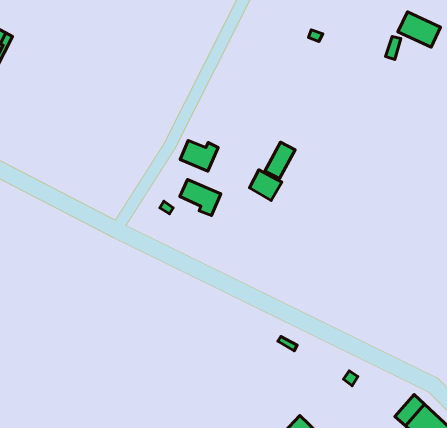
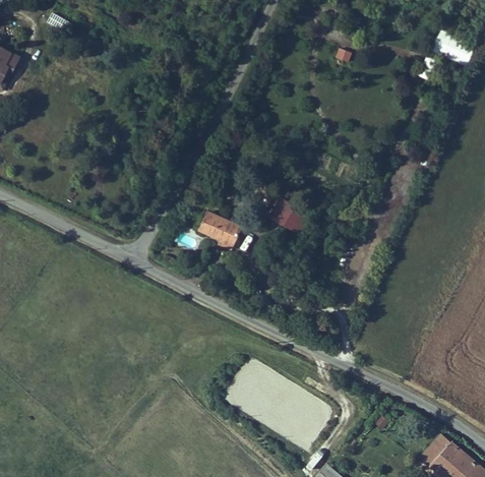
building: [180,141,218,171] -> none
building: [265,142,295,179] -> none

